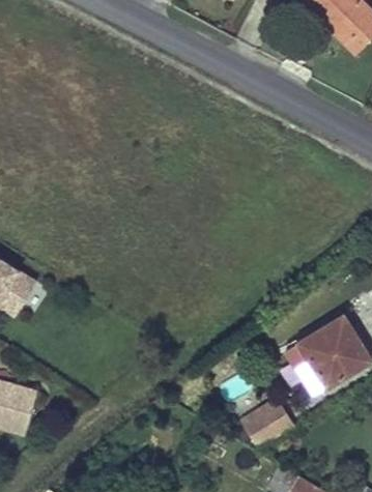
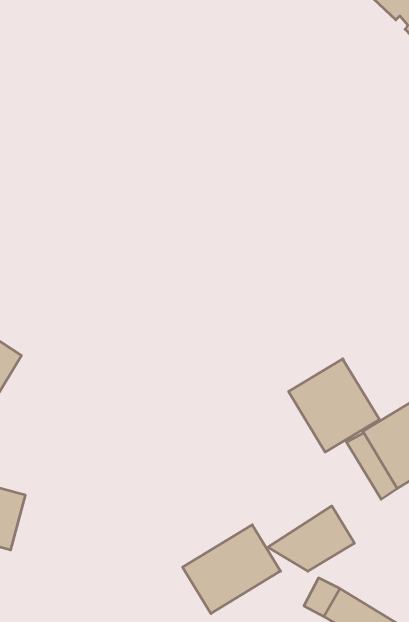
building: none -> [289,359,379,452]
building: none -> [183,525,281,614]

